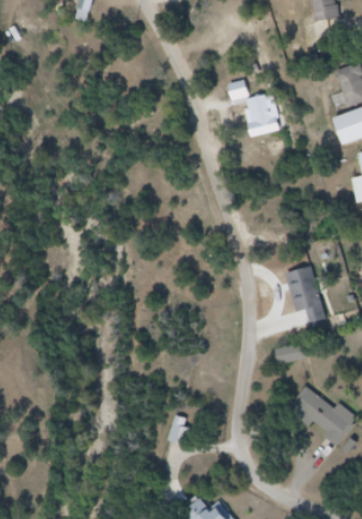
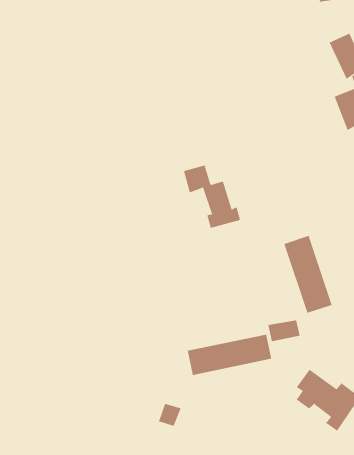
building: [226,76,282,138] -> [183,165,241,229]
building: none -> [187,334,272,376]

